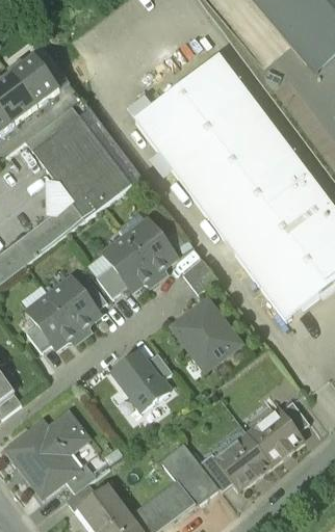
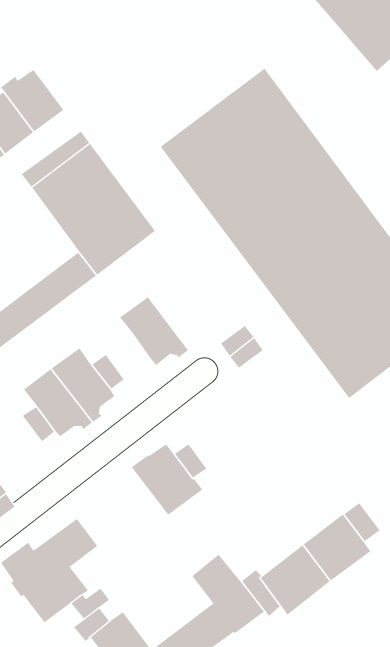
building: [126,220,176,280] -> none
building: [96,265,128,298] -> none
building: [173,300,240,370] -> none

